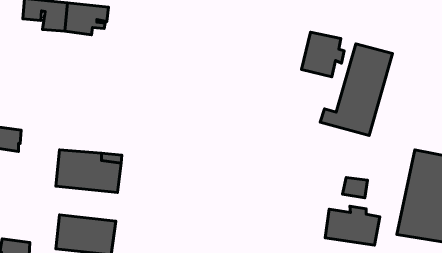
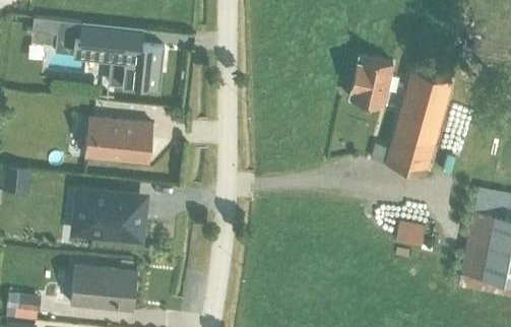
building: none -> [106,42,163,99]
building: none -> [84,117,153,161]
building: [325,206,380,245] -> none

